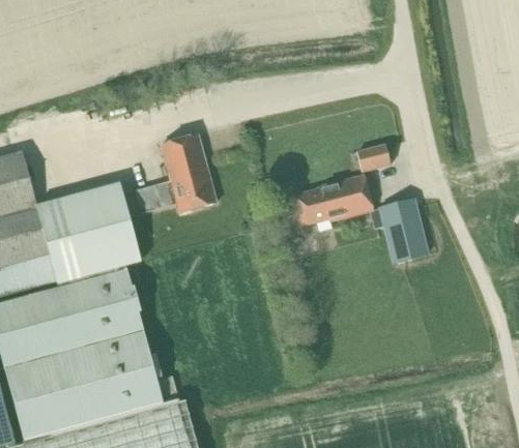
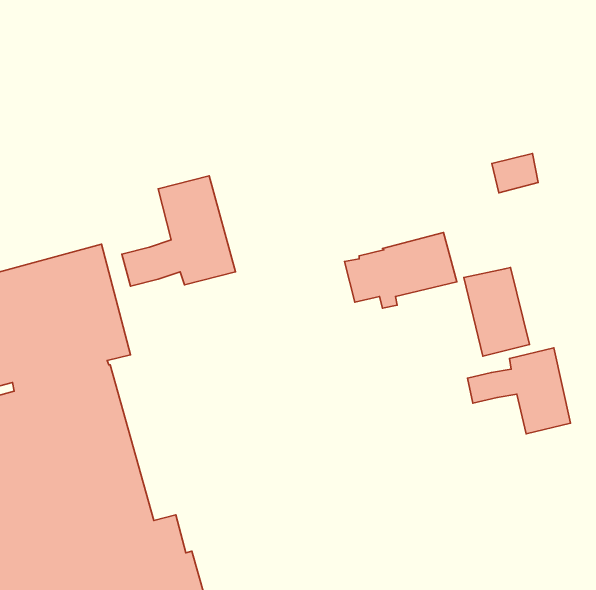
building: [356,144,390,172] -> [492,153,538,193]
building: none -> [467,348,571,434]

